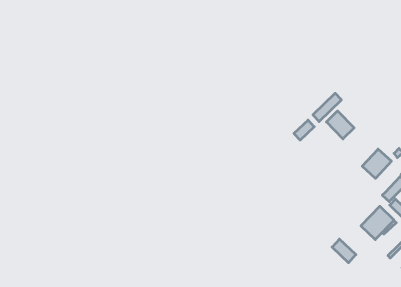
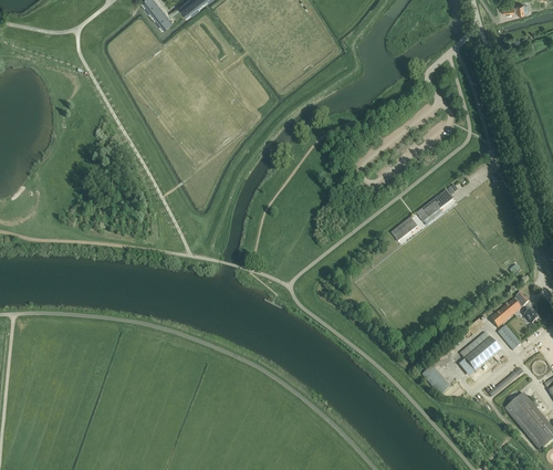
building: [326,111,354,139] -> none
building: [362,149,391,178] -> none

